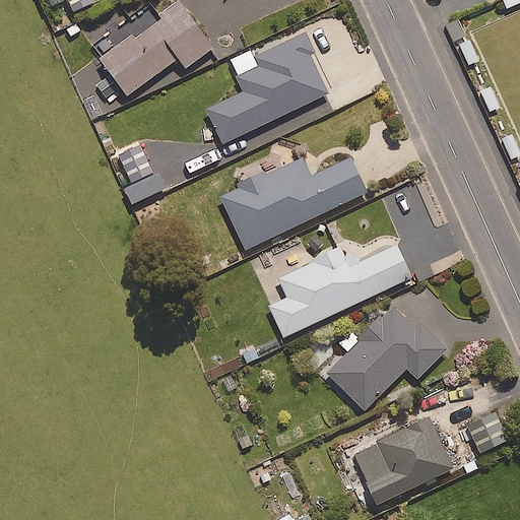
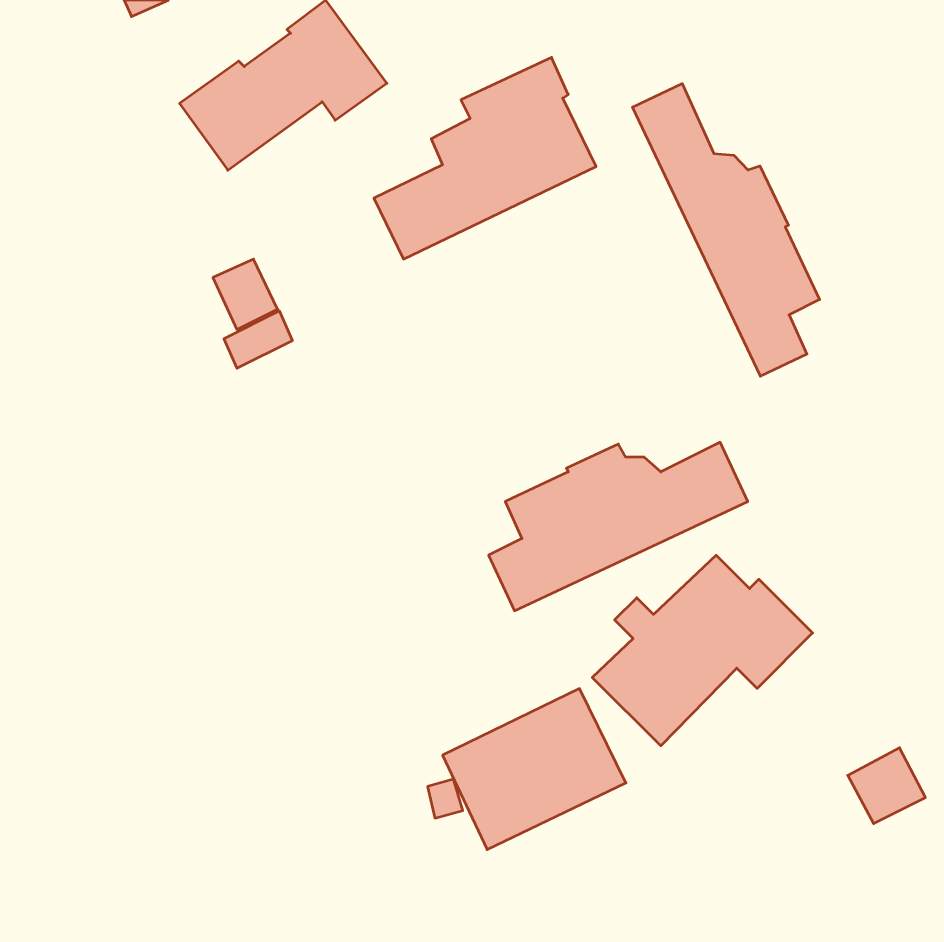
building: none -> [633,84,820,376]
building: [220,157,367,250] -> none
building: [352,415,453,504] -> [443,689,626,850]

